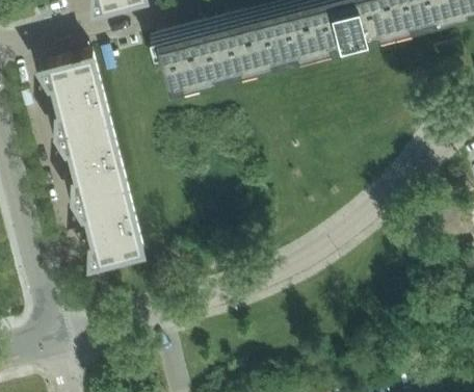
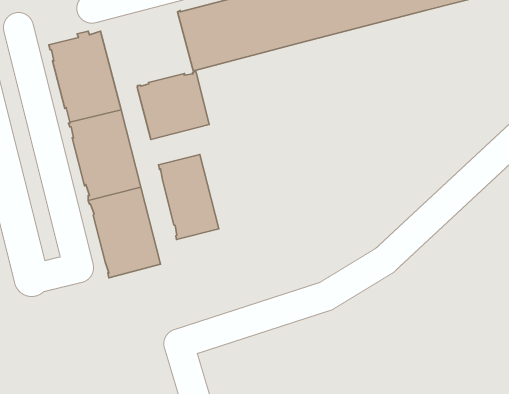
building: none -> [137,71,209,139]
building: none -> [158,154,219,239]

